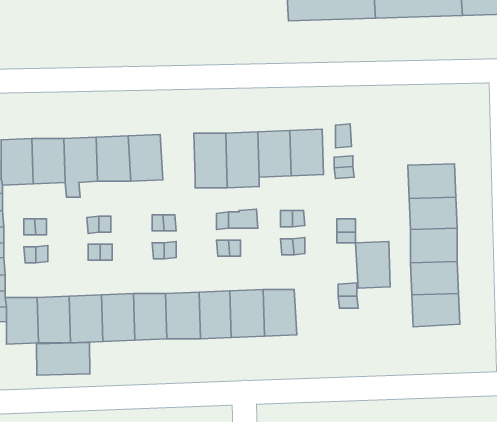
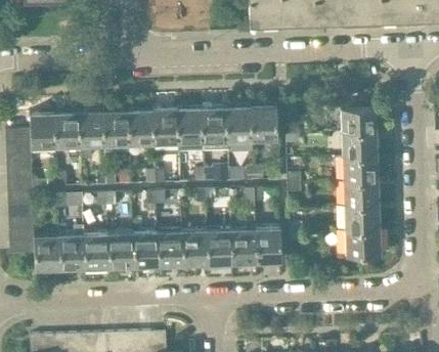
building: none -> [341,108,378,134]
building: none -> [152,109,179,145]
building: [356,241,390,288] -> [255,228,281,264]
building: [36,342,90,375] -> none

